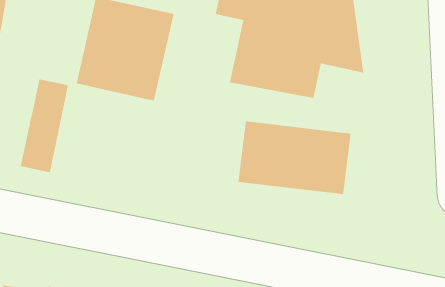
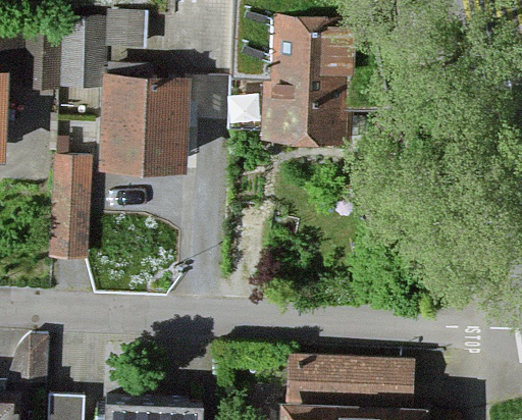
building: [238,120,351,195] -> none

